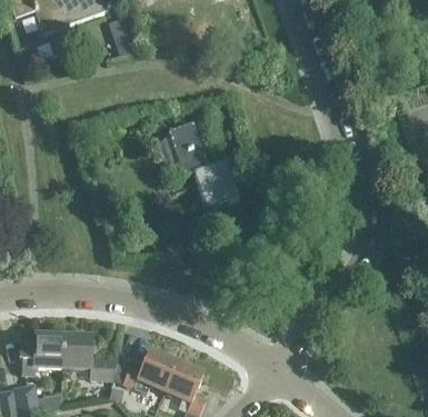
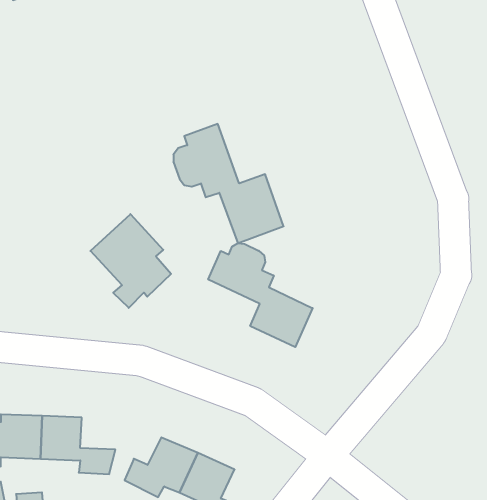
building: none -> [90,214,171,308]
building: none -> [208,243,313,347]

